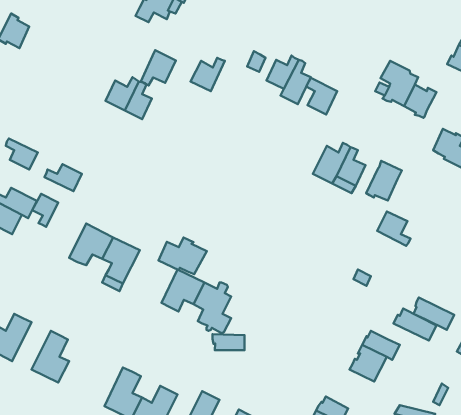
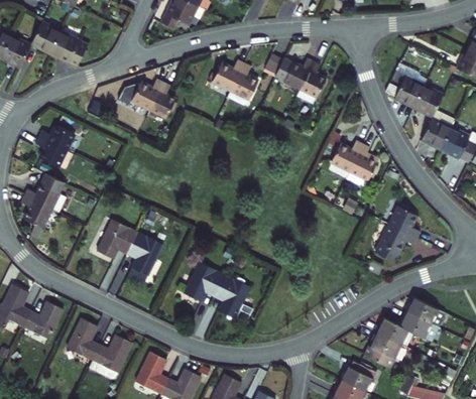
building: none -> [52,31,89,65]
building: [141,50,176,85] -> none
building: none -> [232,63,259,101]
building: [306,78,337,114] -> none
building: [366,161,402,201] -> [421,110,454,147]
building: [44,164,82,191] -> [42,124,78,149]
building: [32,194,58,227] -> none
building: none -> [375,223,415,260]
building: [159,237,207,274] -> none
building: [413,298,454,330] -> [398,309,437,340]
building: [212,334,245,350] -> none
building: none -> [86,334,132,384]
building: none -> [340,359,369,389]

